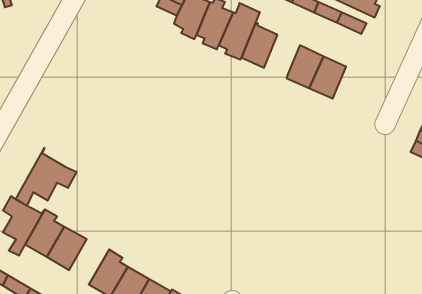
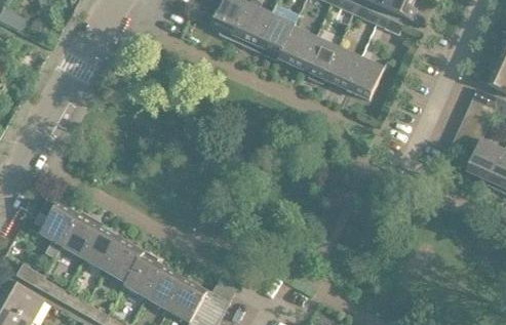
building: none -> [300,36,336,83]
building: [16,148,77,206] -> none
building: none -> [105,237,146,285]

